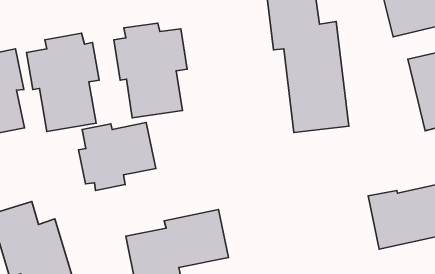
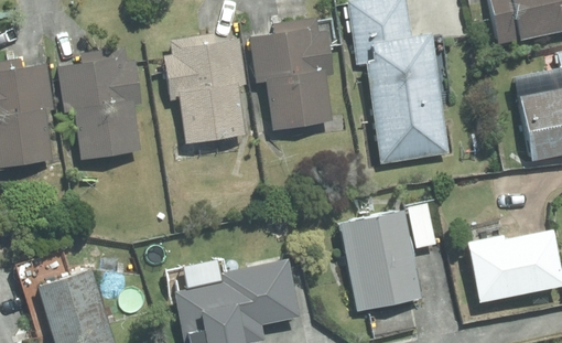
building: none -> [250,19,336,132]
building: [78,123,156,191] -> none
building: none -> [342,203,442,313]

